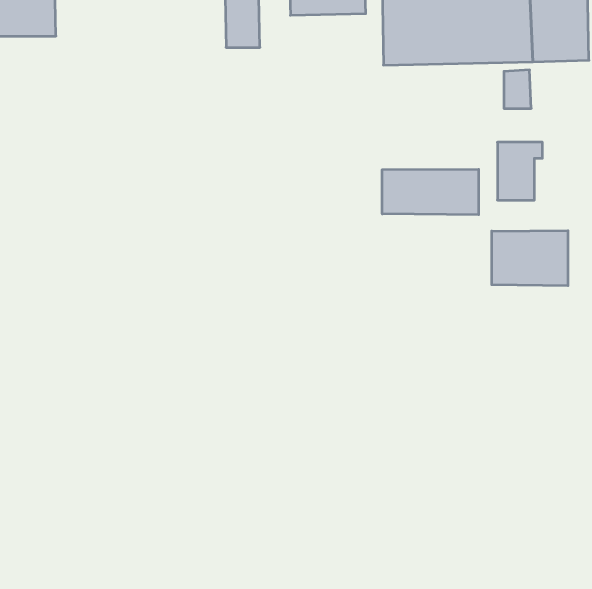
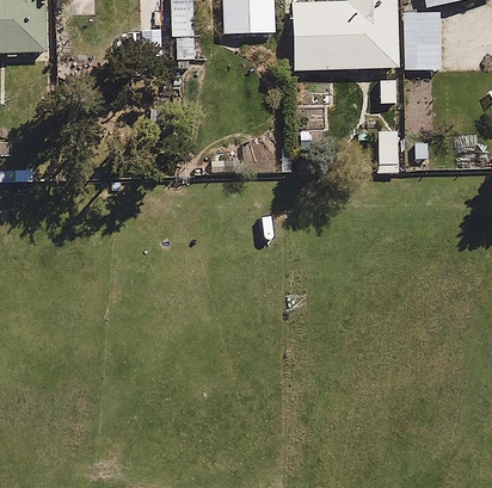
building: [382,169,479,215] -> none
building: [492,231,568,286] -> none

